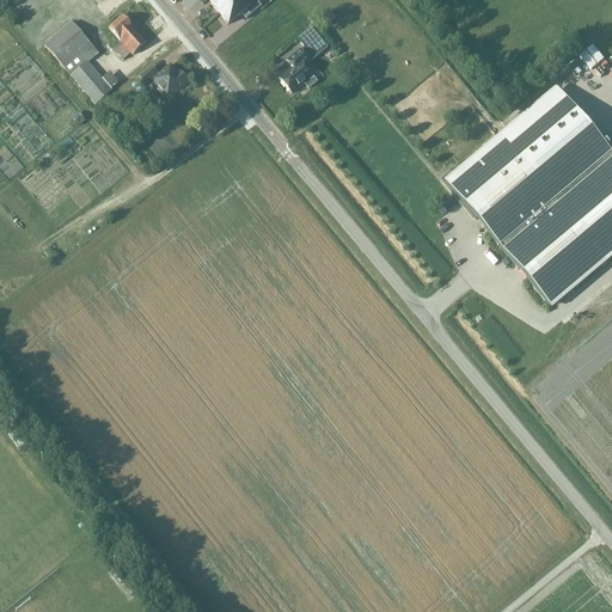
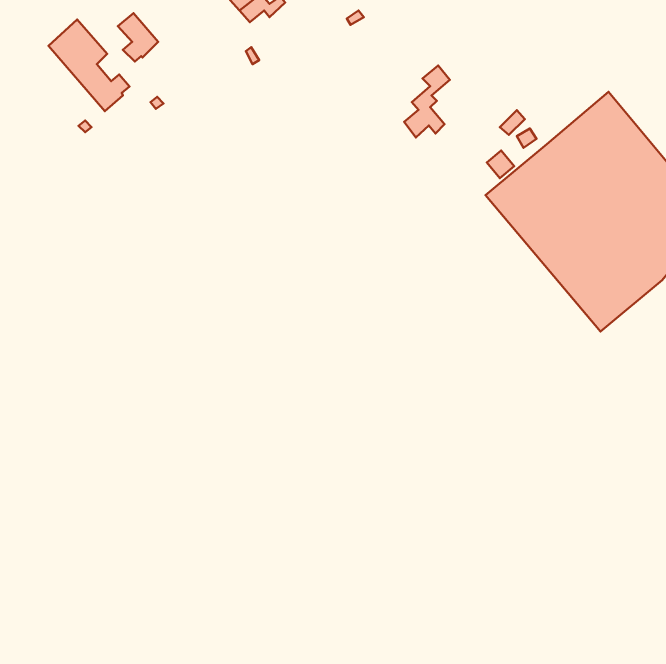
building: [282,24,324,90] -> [404,65,450,137]
building: [141,60,190,97] -> none

